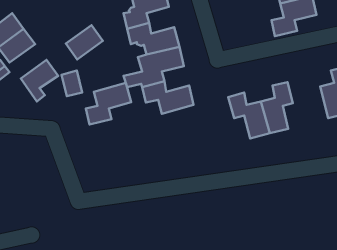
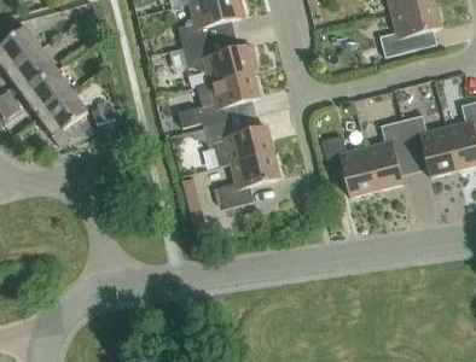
building: [66,25,103,59] -> [22,68,72,115]
building: none -> [401,115,457,176]
building: [86,83,131,124] -> [219,151,280,208]

